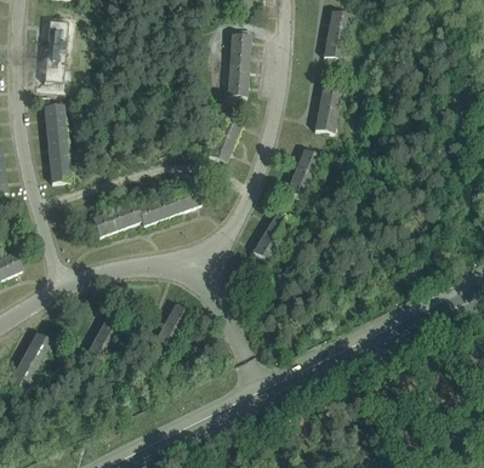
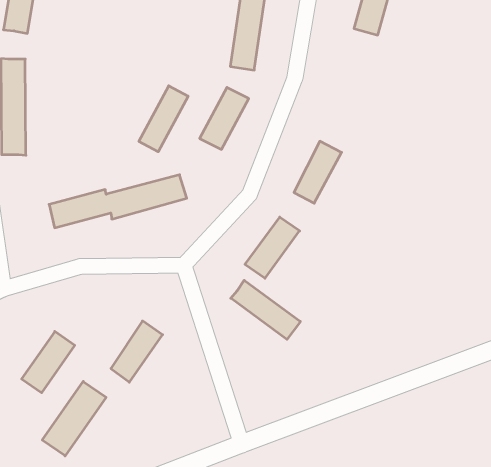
building: [314,82,342,132] -> none
building: none -> [139,86,188,152]
building: none -> [231,280,300,339]
building: none -> [42,381,106,456]

